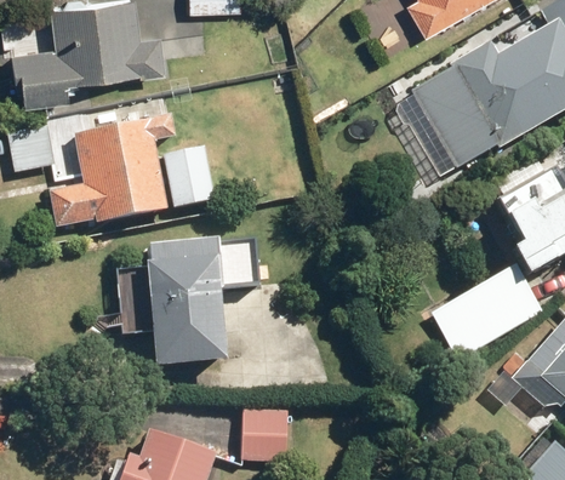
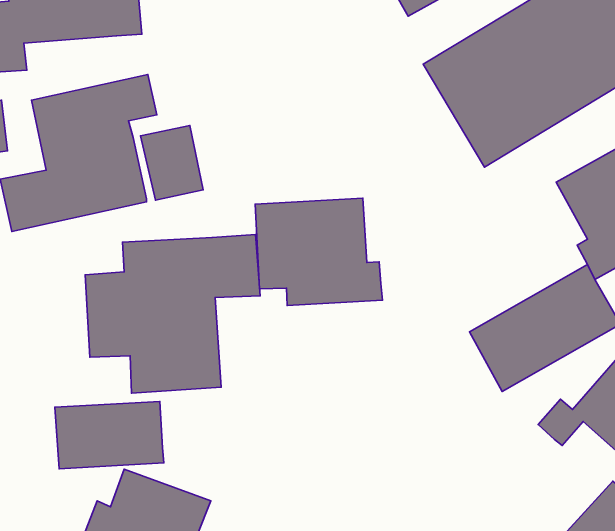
building: none -> [255,198,382,305]
building: none -> [55,401,164,469]
building: [239,411,289,464] -> none

